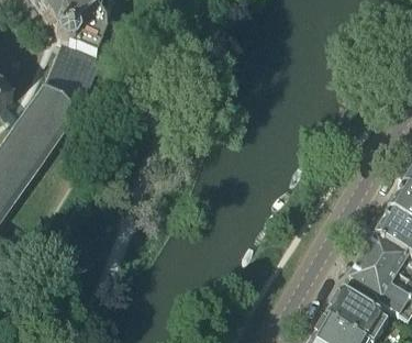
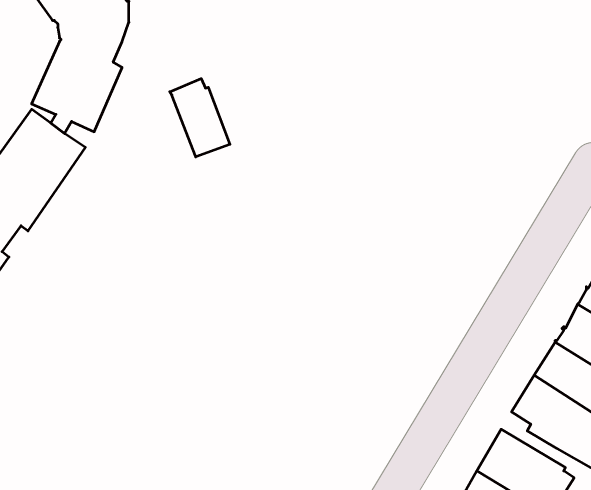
building: none -> [170,79,230,157]

